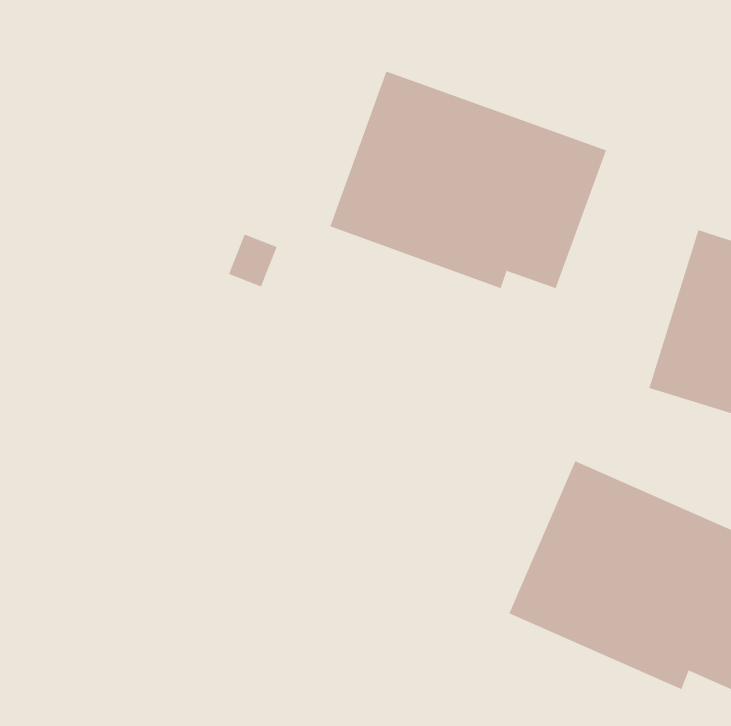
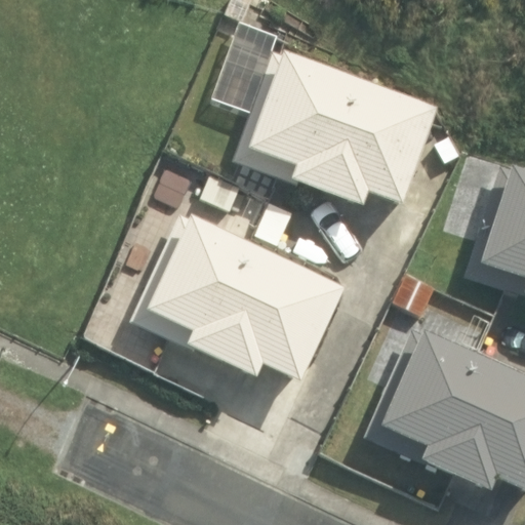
building: none -> [136,213,342,380]

